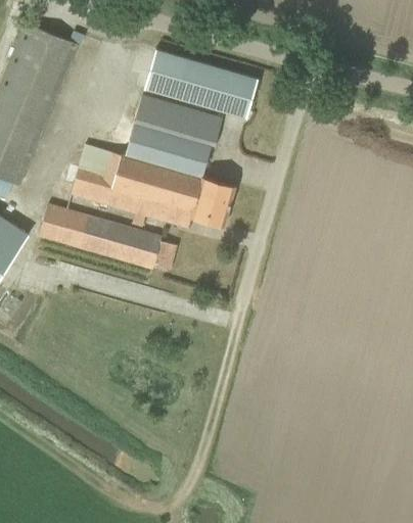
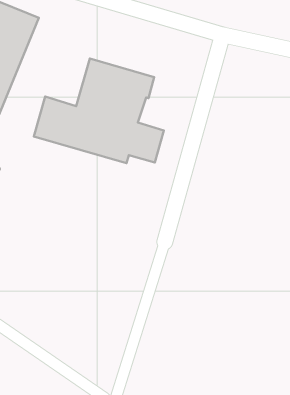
building: [144,49,258,118] -> none
building: [39,205,162,269] -> none

